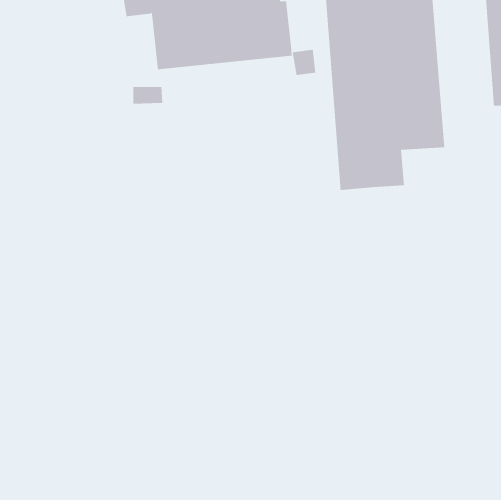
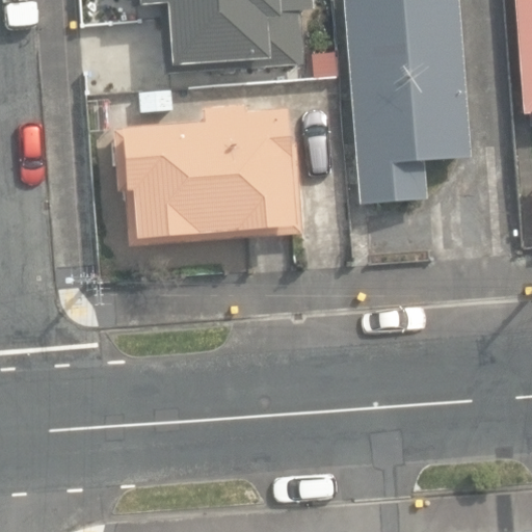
building: none -> [114,101,296,243]

